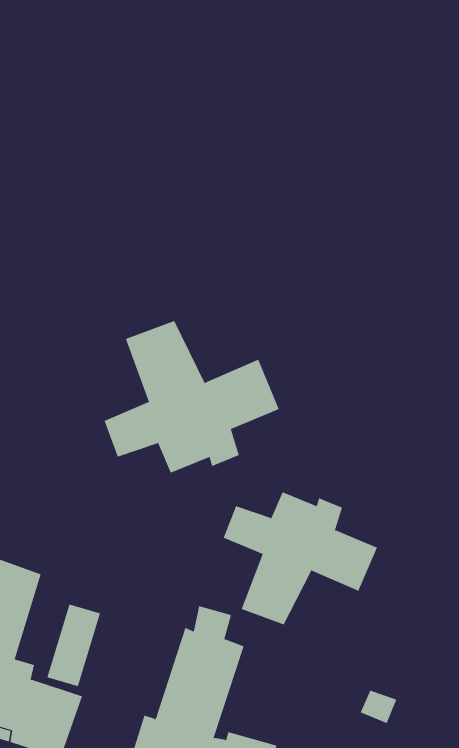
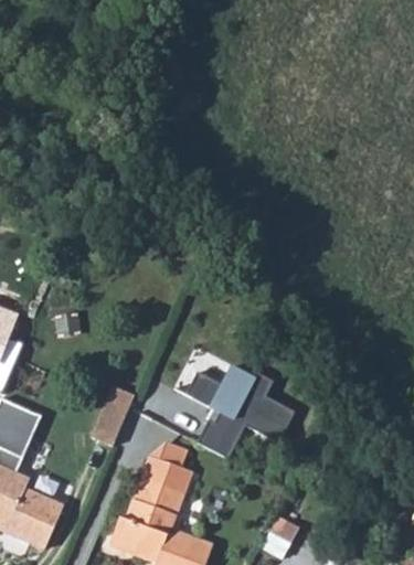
building: [104,320,280,474] -> none
building: [47,604,101,687] -> [96,377,139,437]

